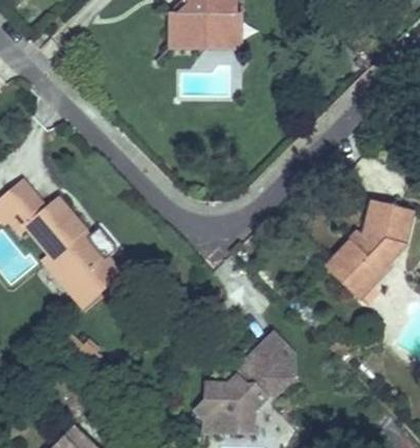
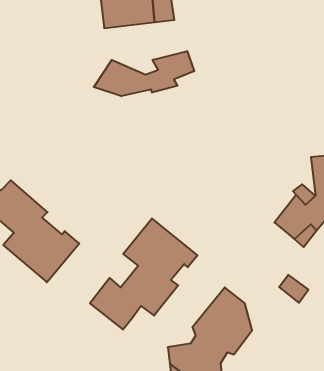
building: none -> [94,51,194,96]
building: none -> [90,219,197,330]

